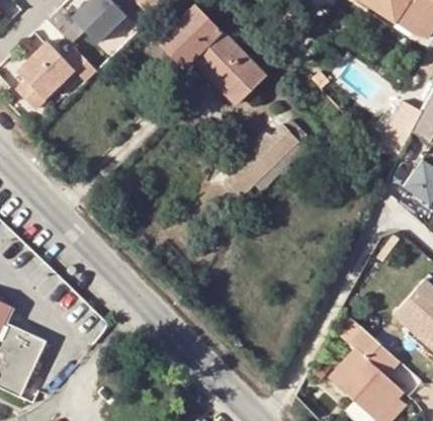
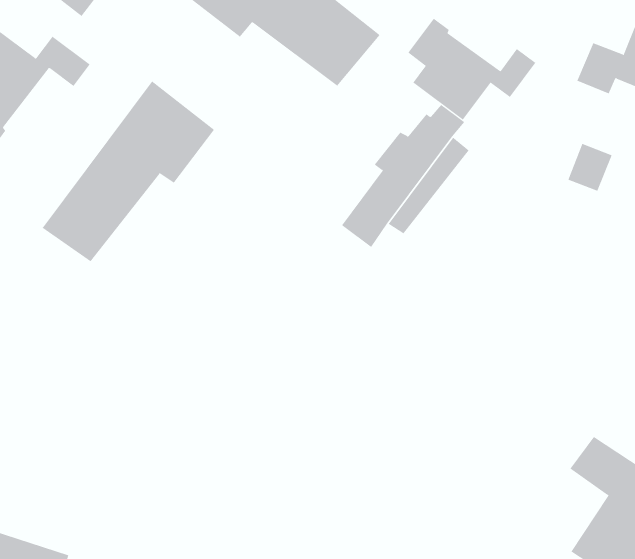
building: none -> [407,18,536,121]
building: none -> [42,81,215,262]

